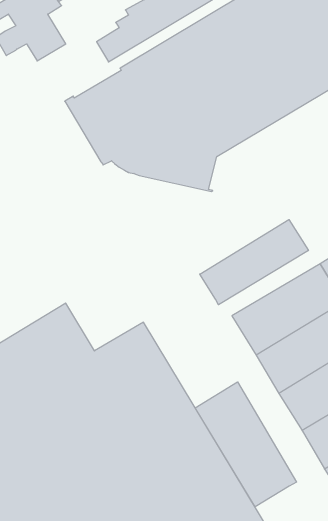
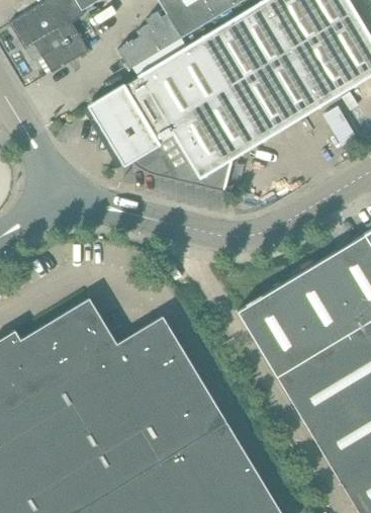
building: [200,220,308,305] -> none
building: [195,382,297,507] -> none

